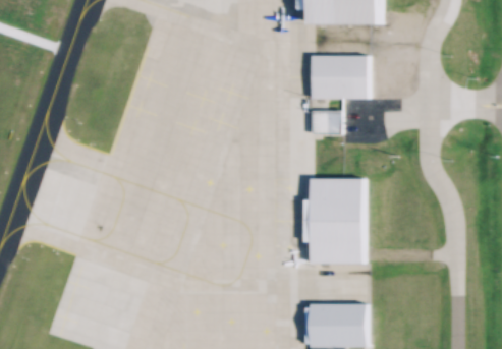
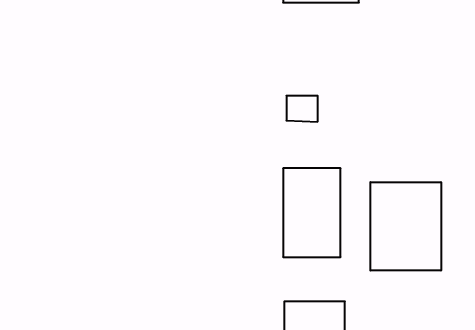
building: [309,55,366,98] -> none
building: none -> [370,182,441,271]

